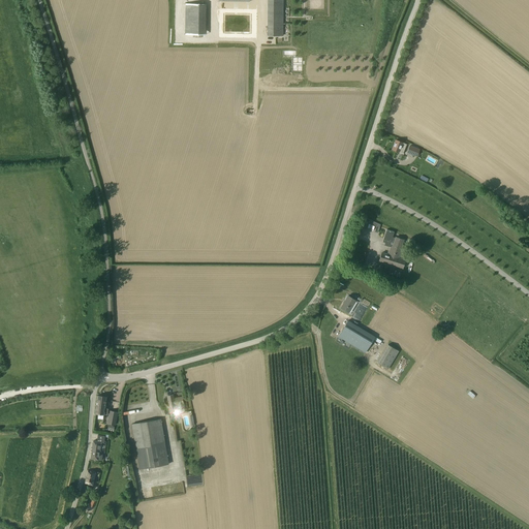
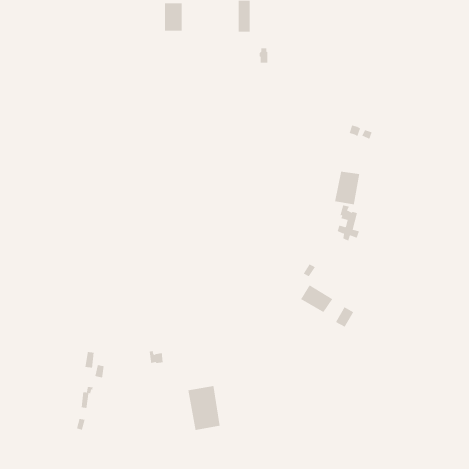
building: none -> [334,171,360,205]
building: [131,418,168,469] -> [187,386,220,431]

